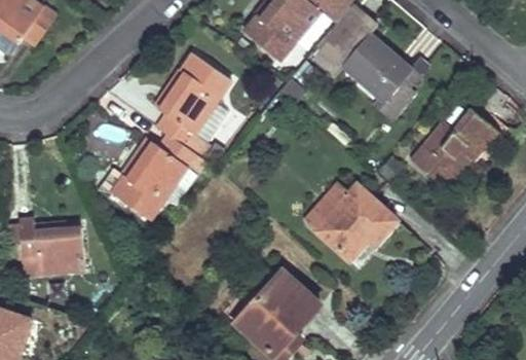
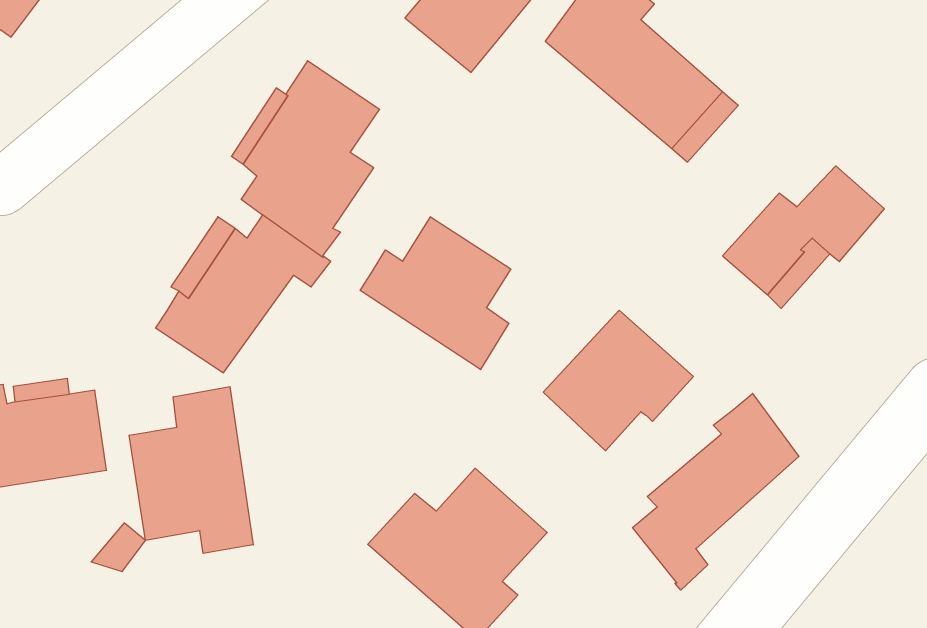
building: none -> [360,217,511,370]
building: none -> [129,387,253,553]
building: none -> [633,393,799,590]

